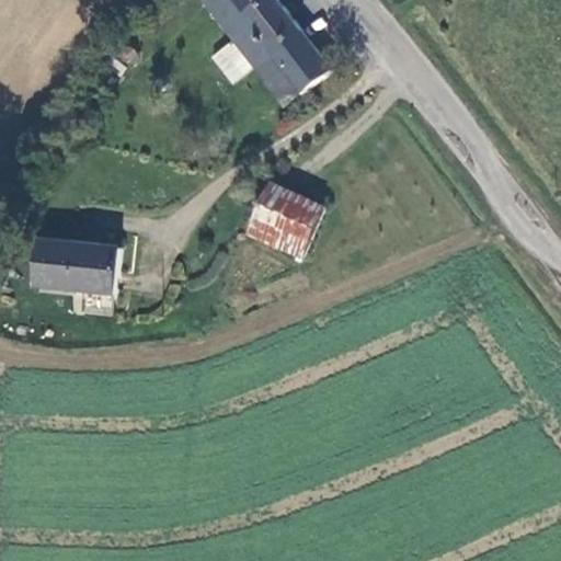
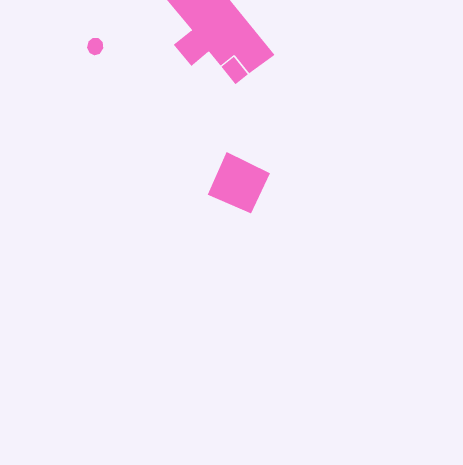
building: [27,238,116,295] -> none

